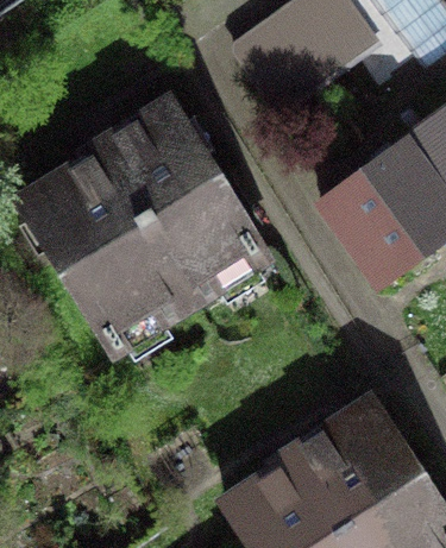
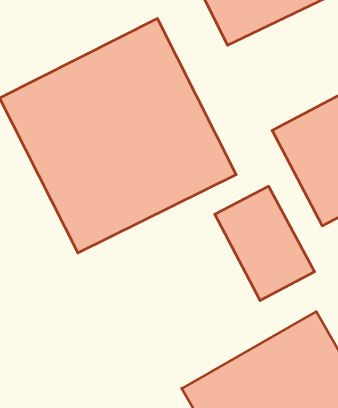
building: none -> [215,186,315,301]

